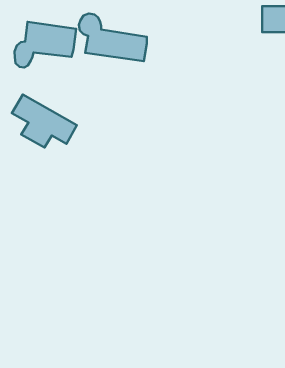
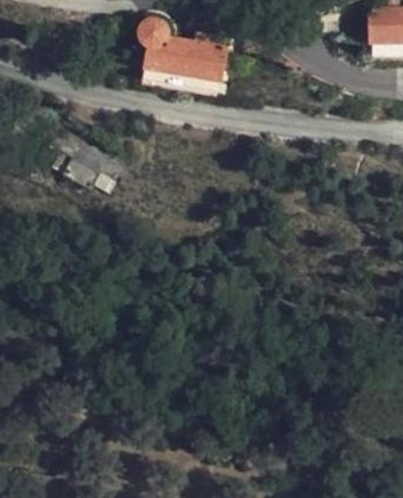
building: [15,22,76,67] -> none

